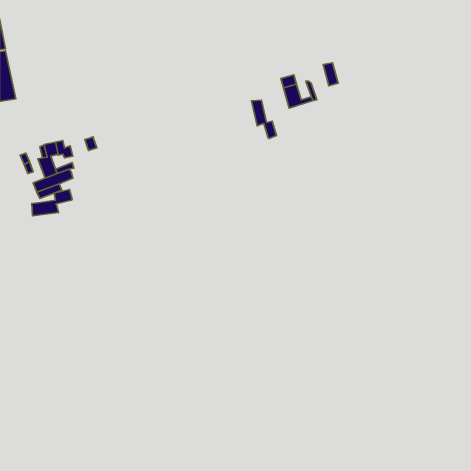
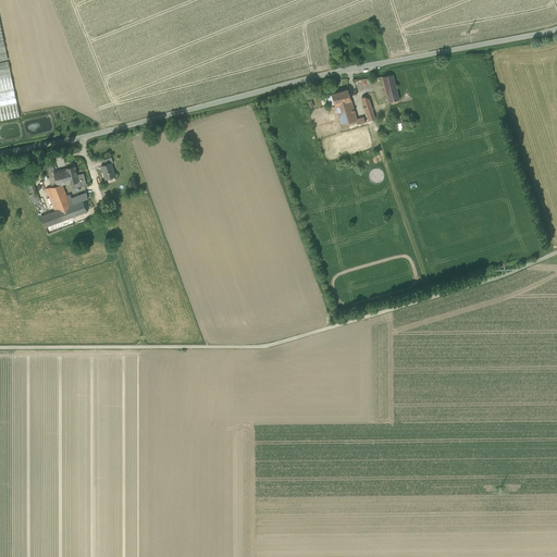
building: [252,100,276,139] -> none
building: [32,190,72,216] -> none

